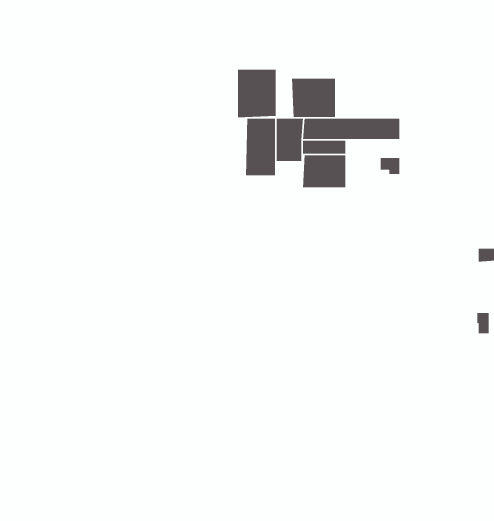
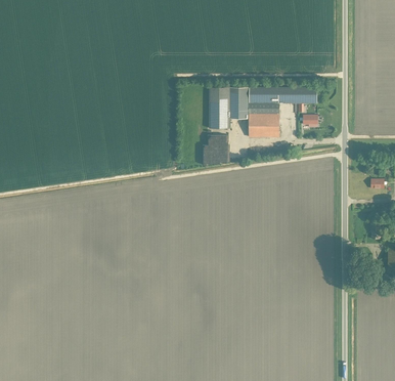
building: [237,69,276,118] -> none
building: [291,78,336,118] -> none

